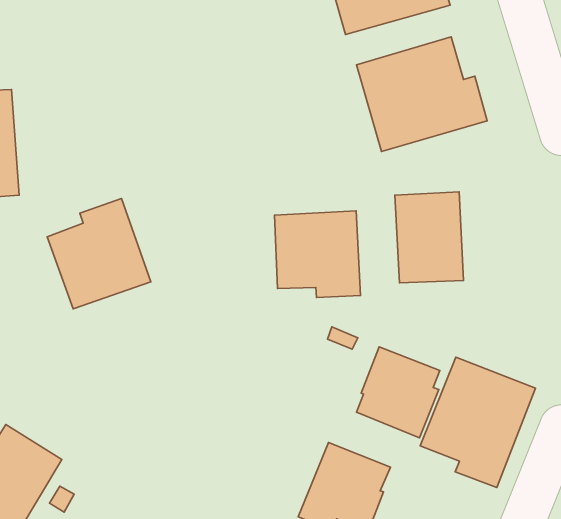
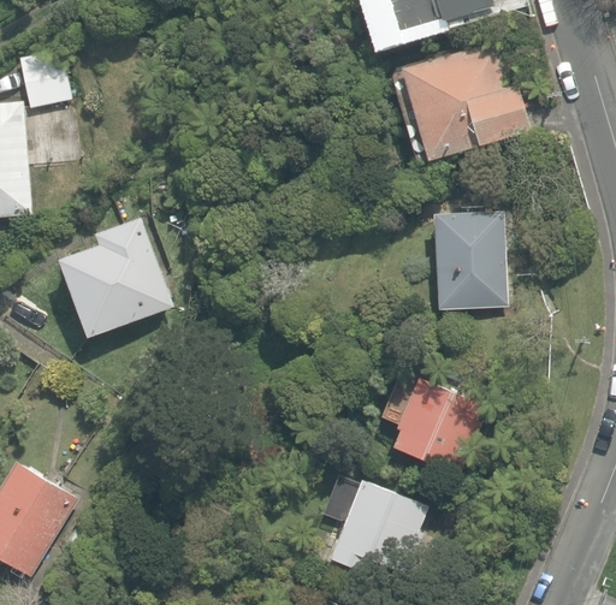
building: none -> [17,51,70,119]
building: [274,211,360,298] -> none
building: [420,357,535,487] -> none

